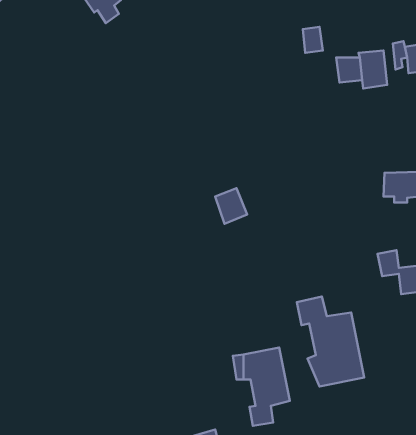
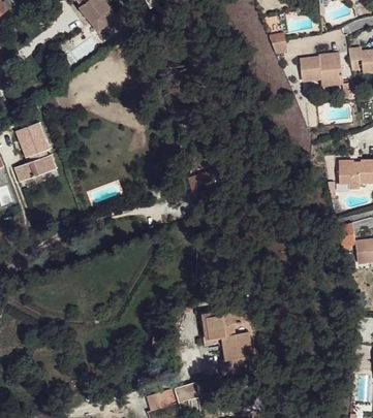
building: none -> [13,126,55,182]
building: [297,297,364,386] -> none

